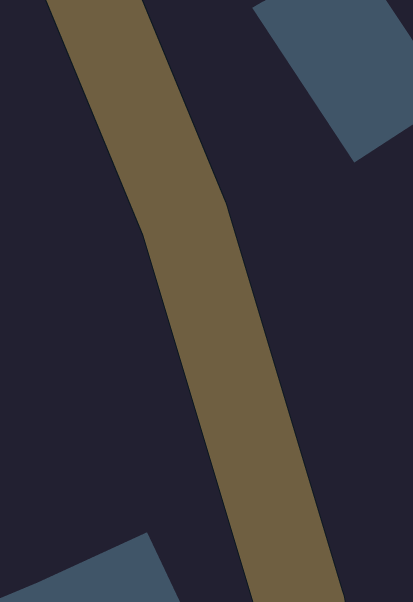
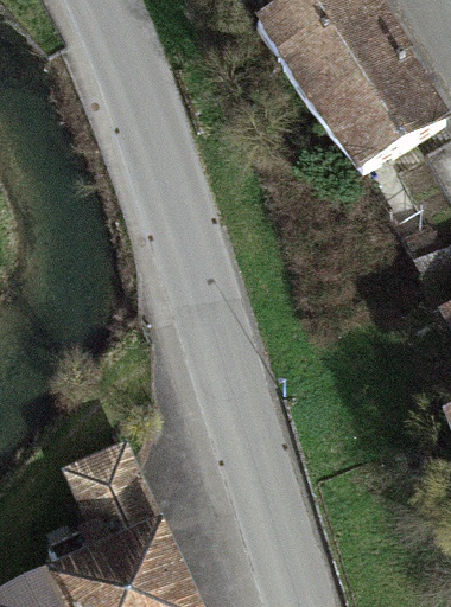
building: none -> [40,460,155,577]

